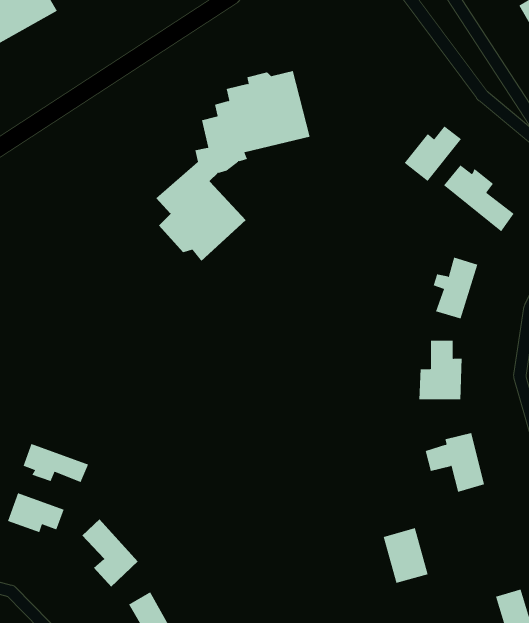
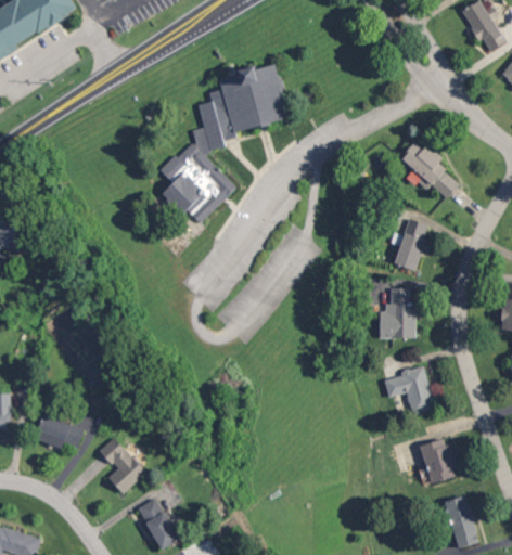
building: [404,125,462,182] -> none
building: [23,443,89,483] -> none
building: [383,528,429,584] -> [419,437,457,483]

